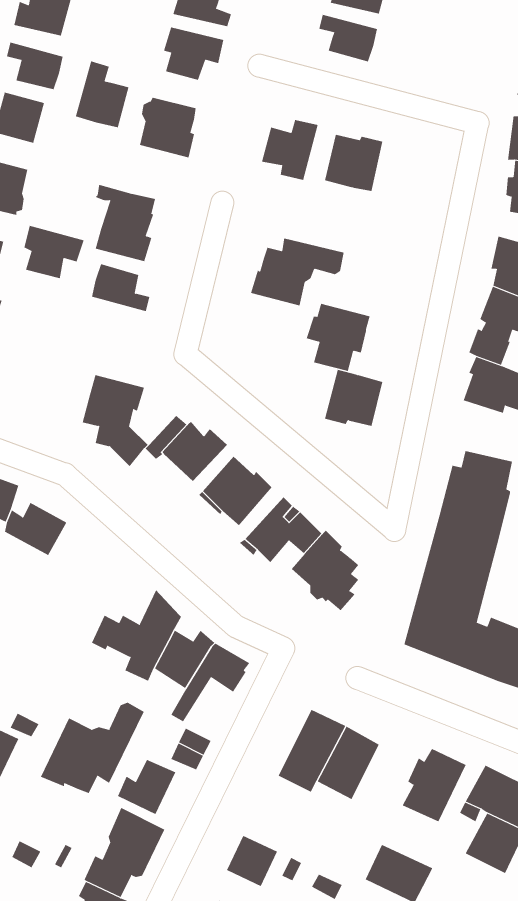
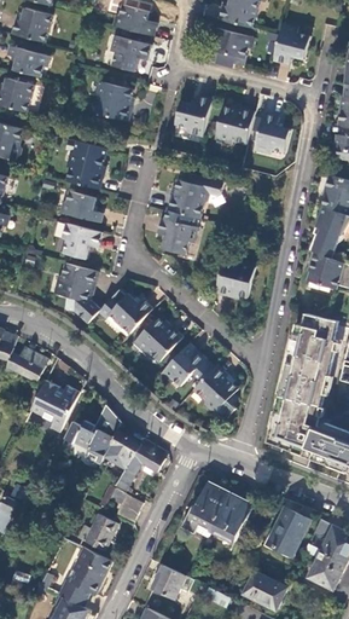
building: none -> [273,24,309,64]
building: [75,61,129,128] -> none
building: none -> [254,114,290,154]
building: [23,225,85,279] -> [62,224,101,259]
building: [306,303,371,372] -> [157,210,199,255]
building: none -> [30,380,78,433]
building: [40,702,145,794] -> none

